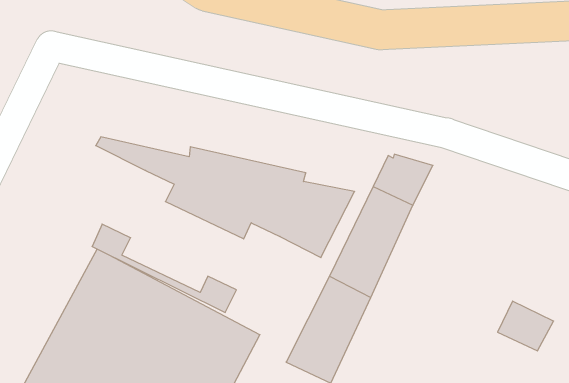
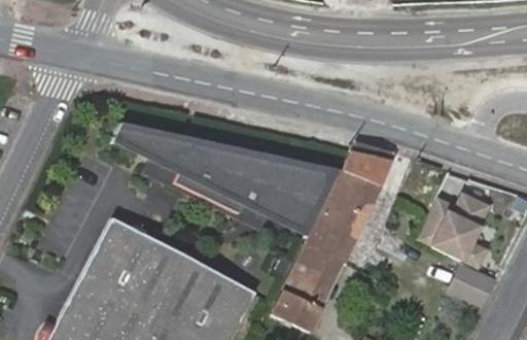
building: none -> [420,194,489,267]
building: [92,224,236,312] -> [149,155,269,228]

